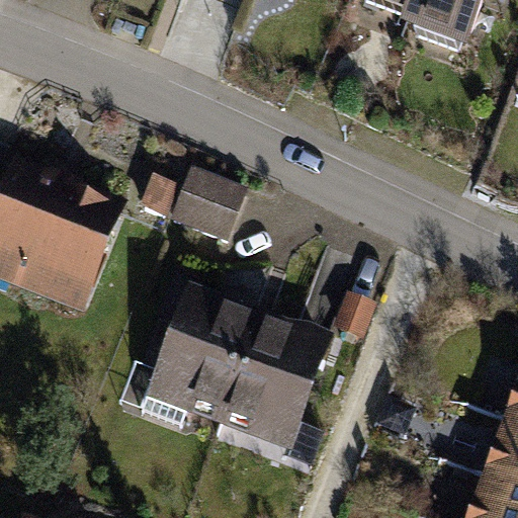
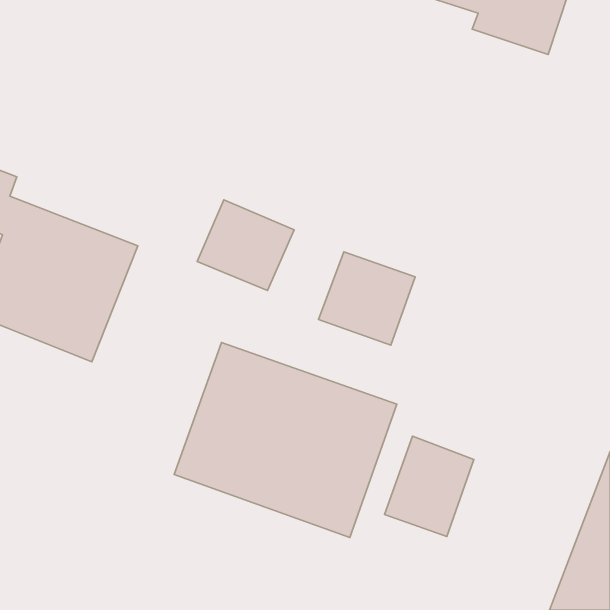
building: none -> [318,252,415,345]
building: none -> [385,436,474,537]

